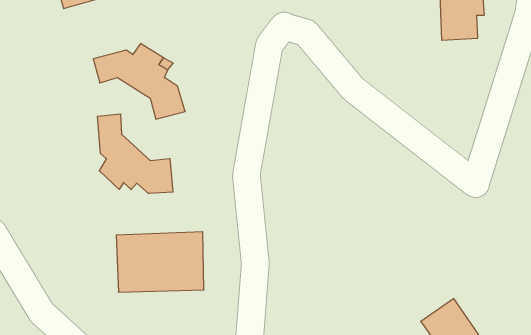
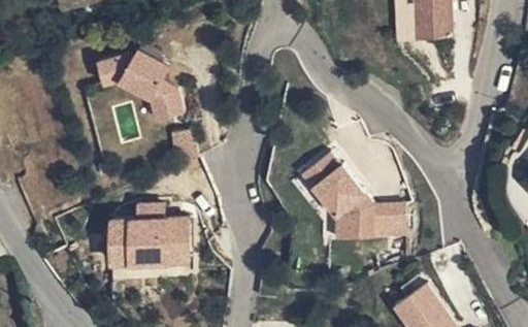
building: [97,114,173,194] -> none
building: none -> [300,151,402,237]

